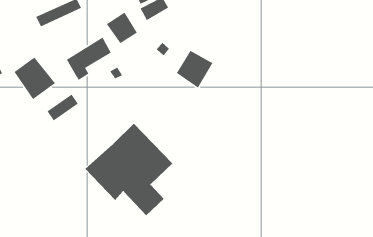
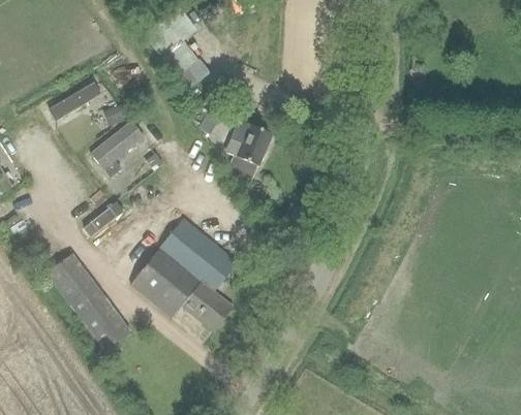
building: [106,12,138,44] -> none
building: [13,56,56,100] -> none
building: none -> [48,255,132,351]

